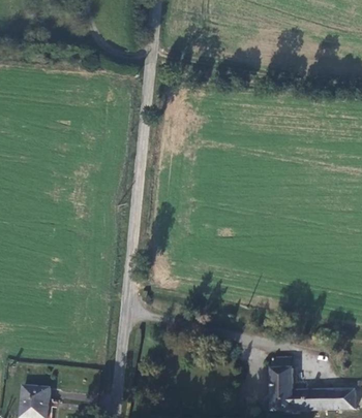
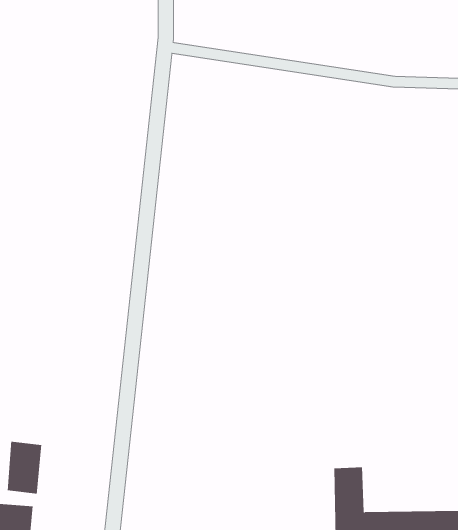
building: none -> [7,441,42,494]

